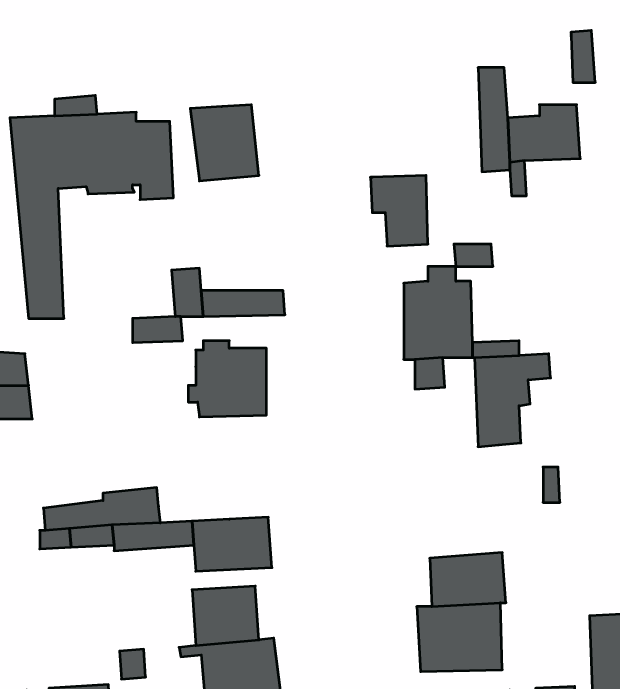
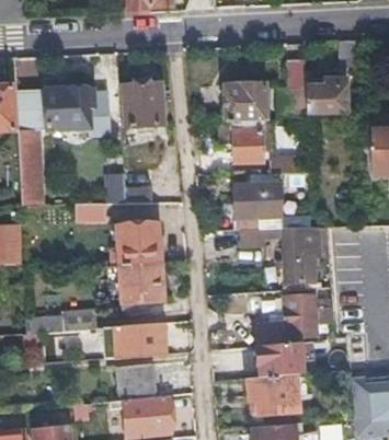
building: none -> [221,82,261,123]
building: none -> [122,263,162,306]
building: none -> [254,296,312,347]

